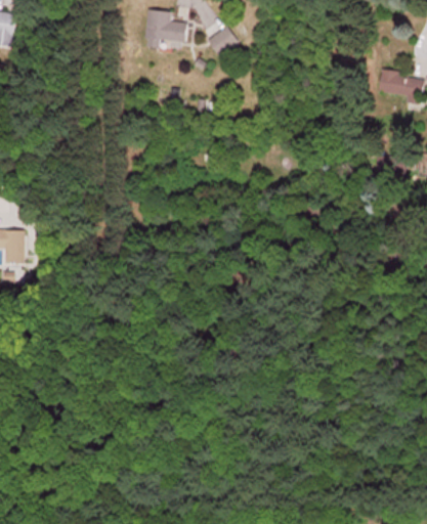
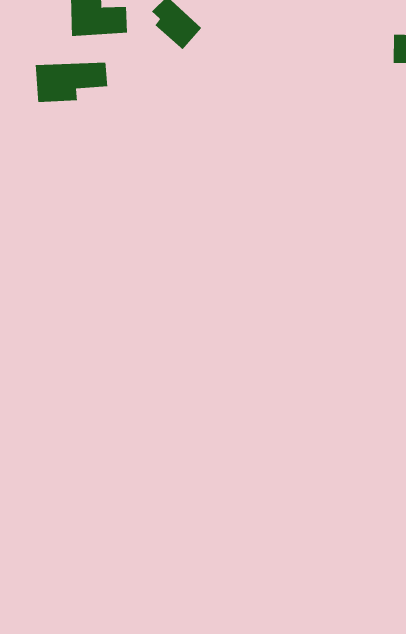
building: none -> [35,62,108,103]

